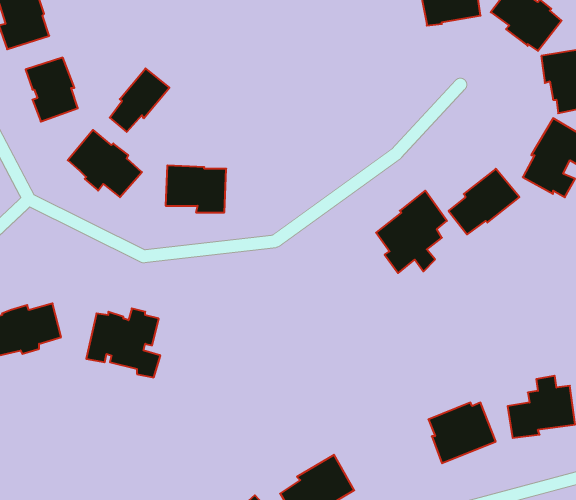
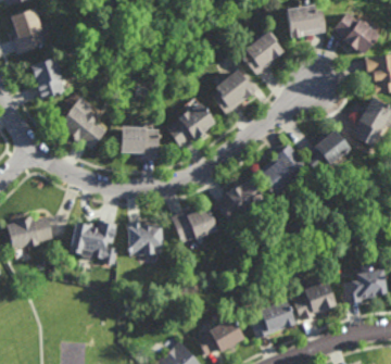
building: none -> [243,32,283,75]
building: [110,68,169,132] -> none
building: none -> [214,68,260,114]
building: none -> [167,103,218,147]
building: none -> [215,179,264,223]
building: none -> [171,206,219,243]
building: none -> [129,224,164,255]
building: none -> [249,300,294,338]

